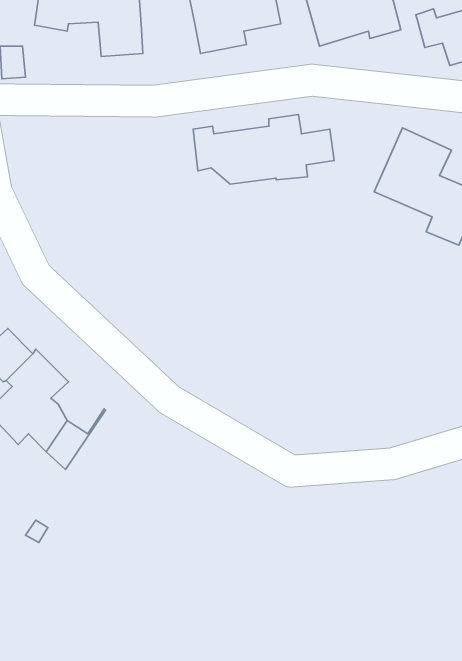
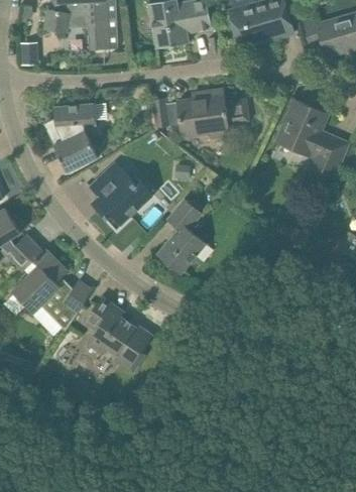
building: none -> [46,104,98,172]
building: none -> [90,162,153,230]
building: none -> [156,199,207,274]
building: none -> [83,295,153,373]

